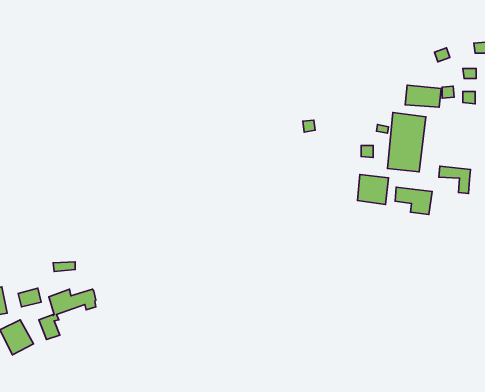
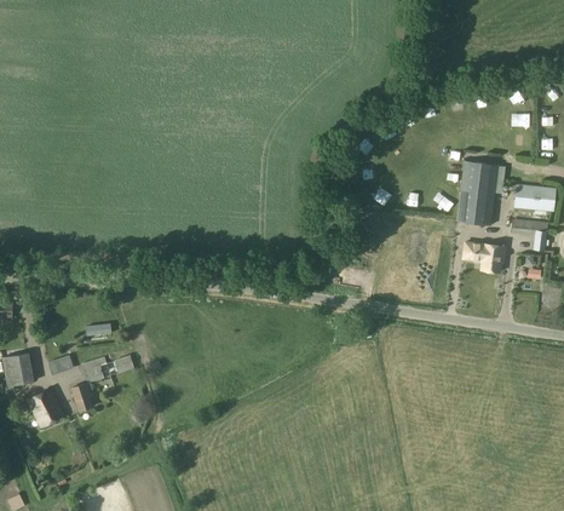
building: [405,85,441,107] -> [516,185,556,209]
building: [358,175,389,204] -> none

